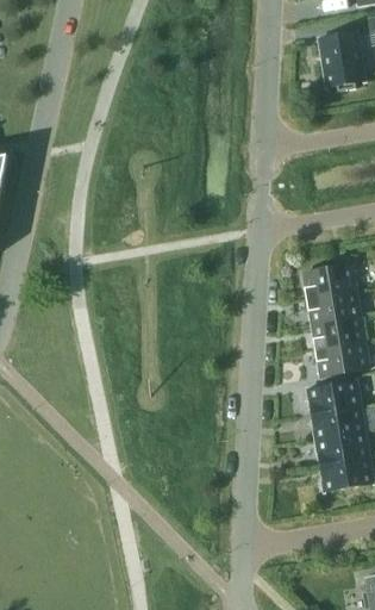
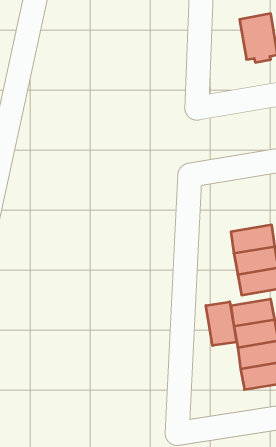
building: [302,264,357,298] -> none
building: none -> [206,302,236,346]

